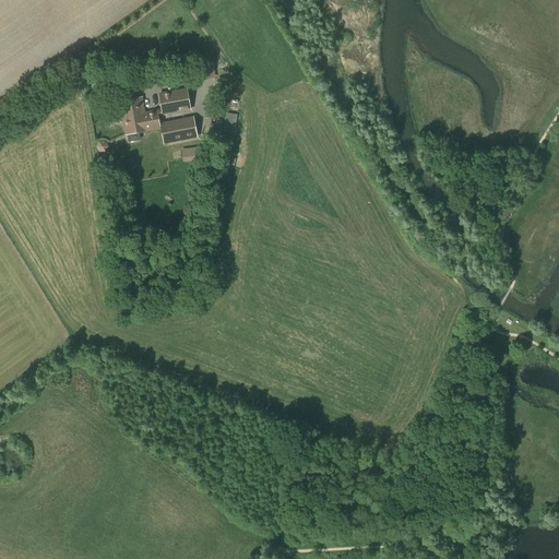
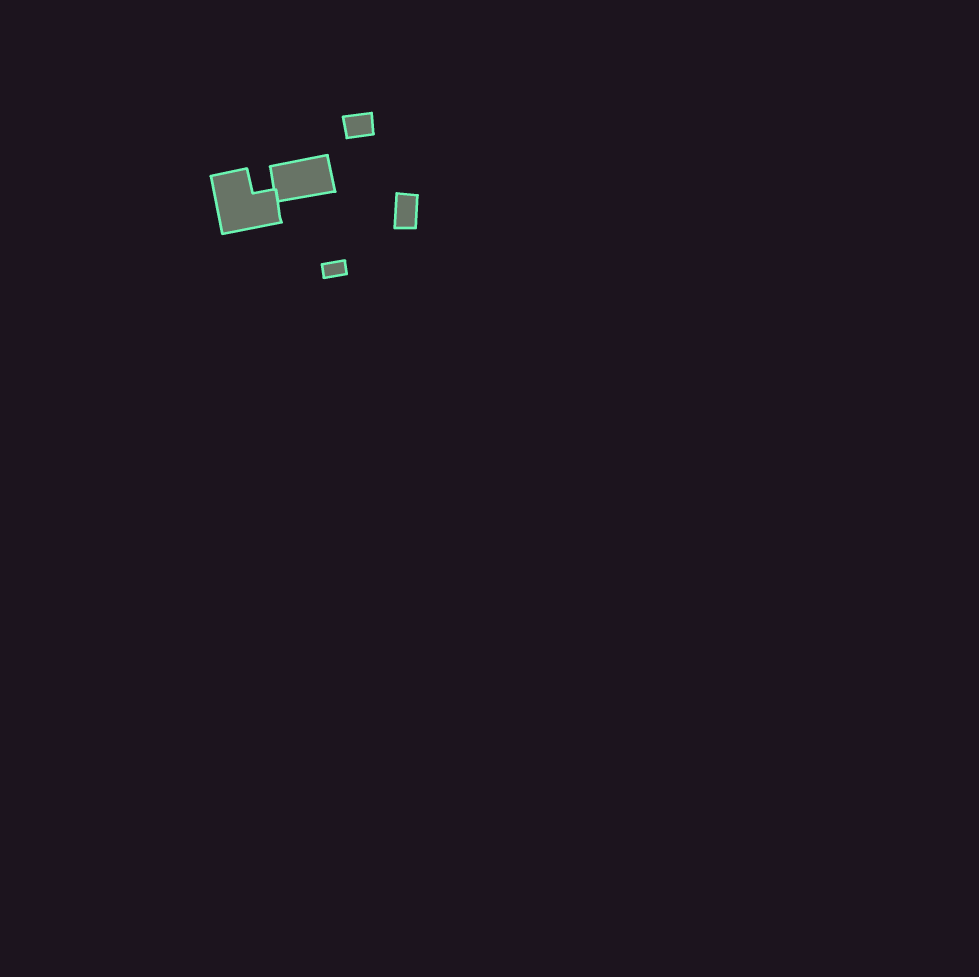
building: [159,117,198,143] -> none

